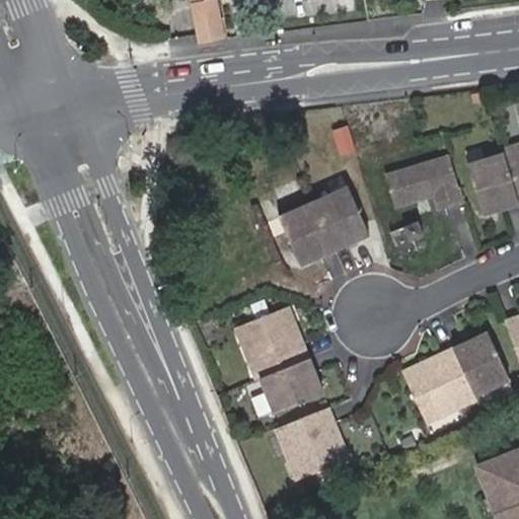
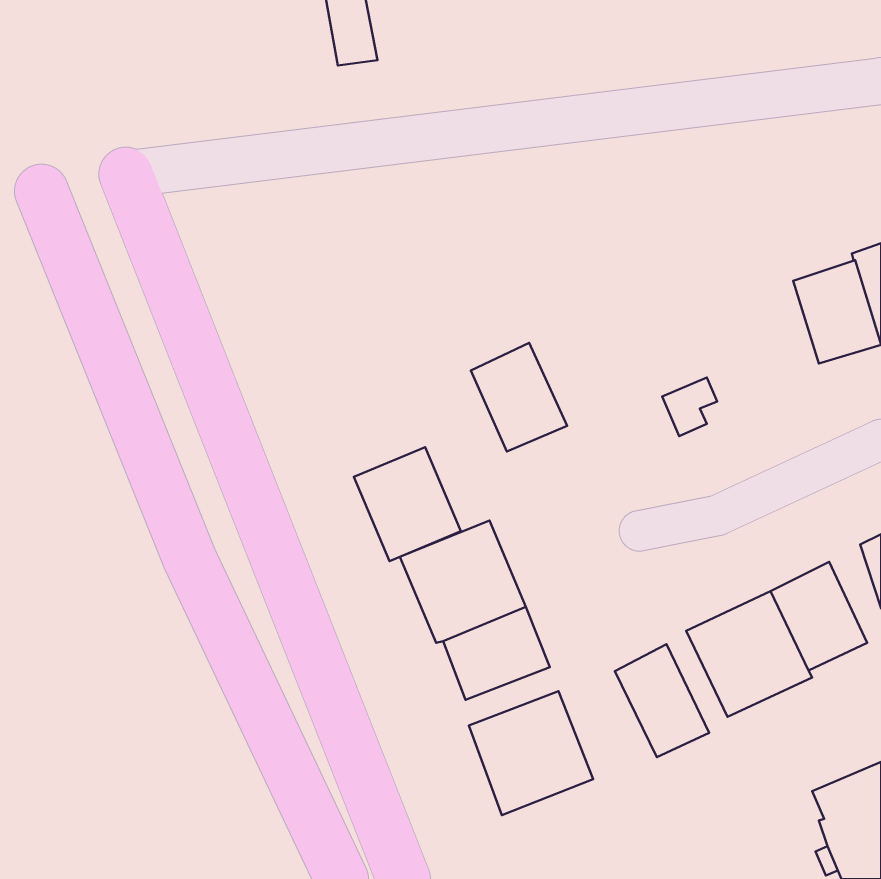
building: [384,157,461,211] -> none
building: [311,187,368,250] -> none
building: none -> [354,447,461,561]
building: none -> [615,644,709,757]

